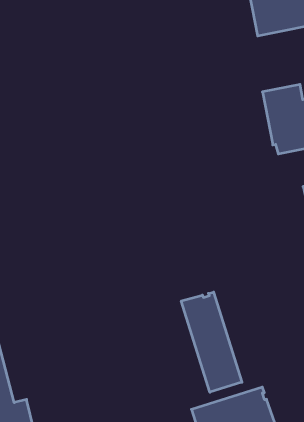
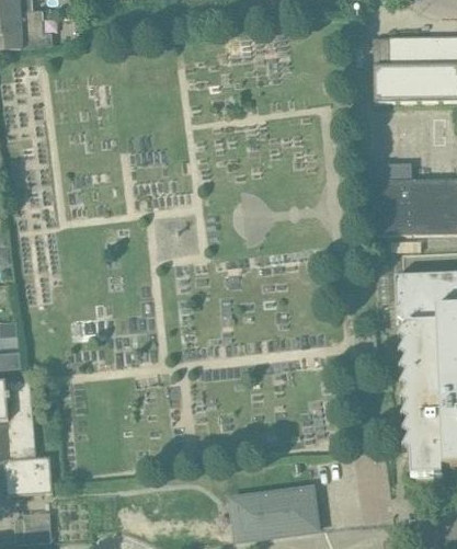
building: [181,292,242,392] -> none

